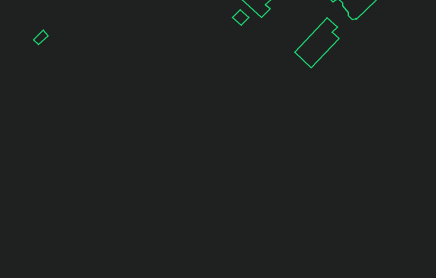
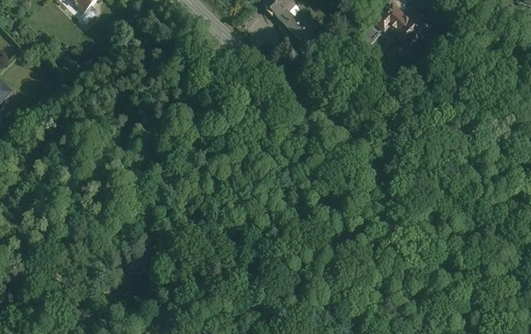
building: [295,18,339,68] -> none

